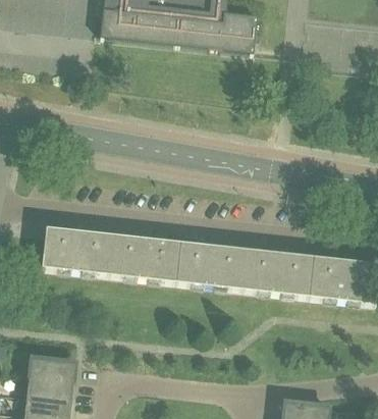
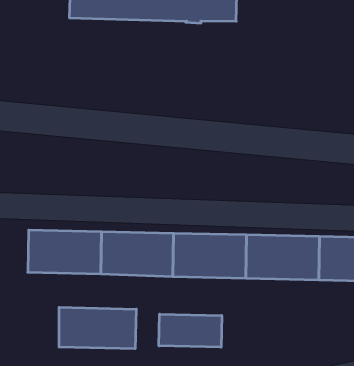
building: none -> [59,307,136,349]
building: none -> [159,314,222,347]

